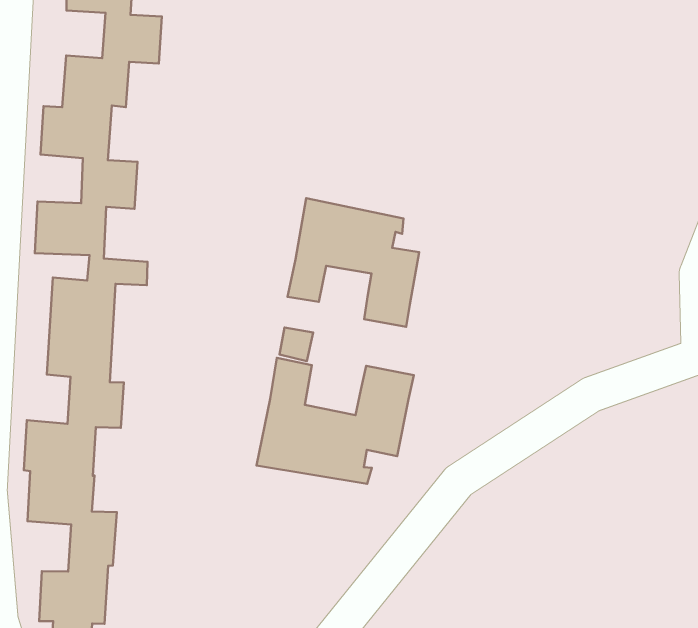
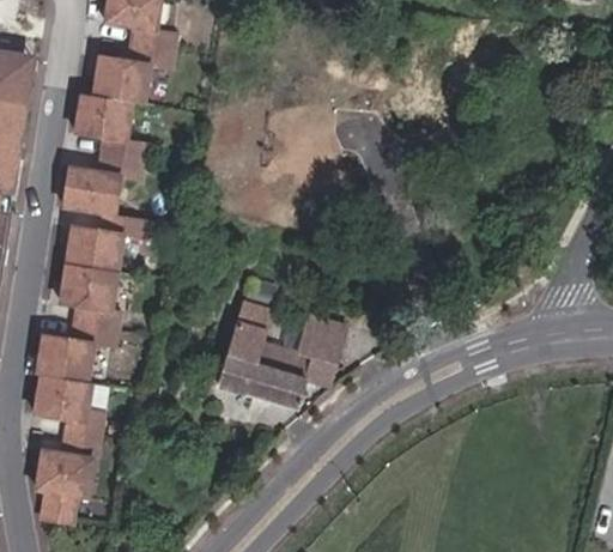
building: [288,198,419,327] -> none

